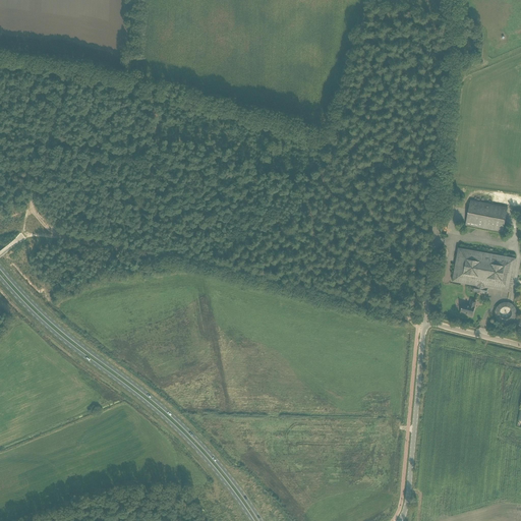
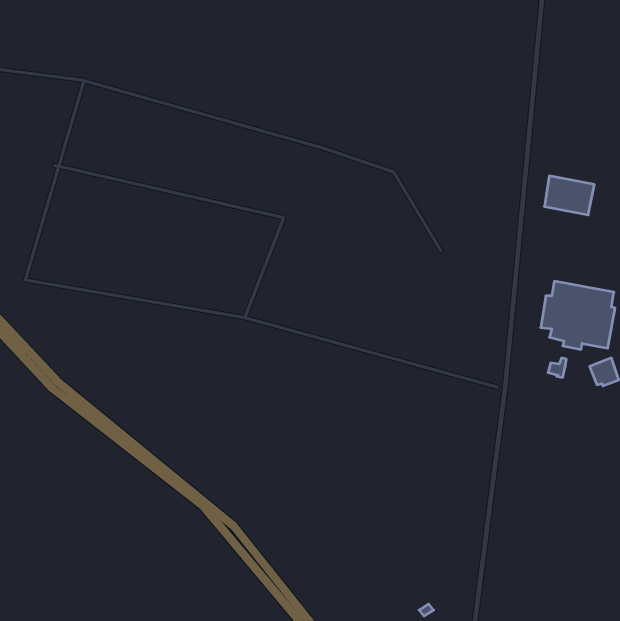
building: [464,199,506,232] -> [544,176,594,215]

